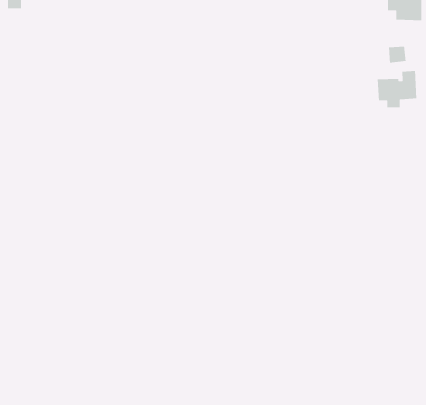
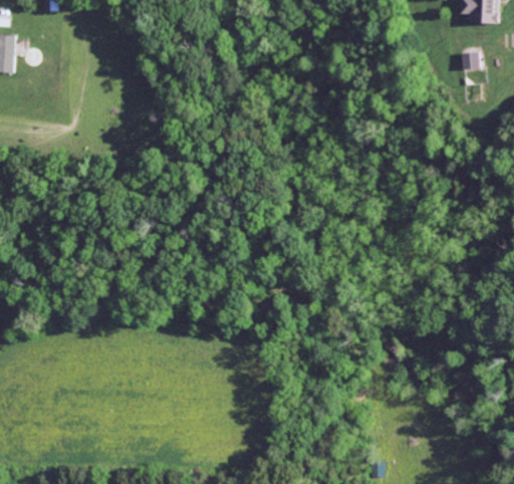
building: [377,70,417,108] -> none

